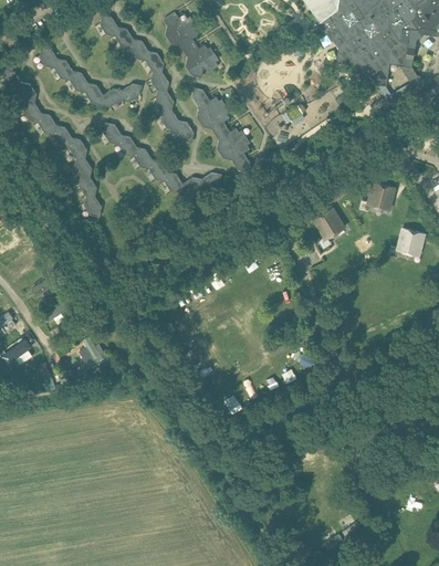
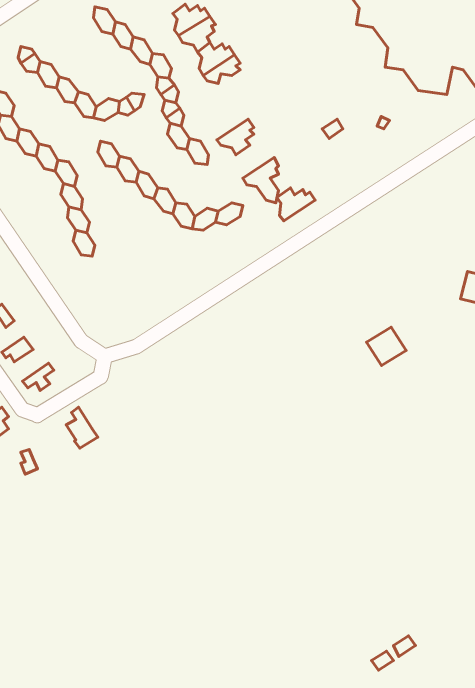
building: [192,88,226,122] -> none
building: [216,126,247,153] -> [277,188,315,221]
building: [367,181,395,210] -> none
building: [313,208,345,239] -> [366,327,406,365]

